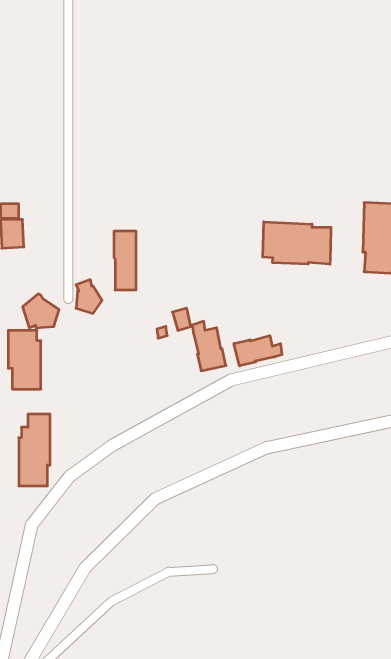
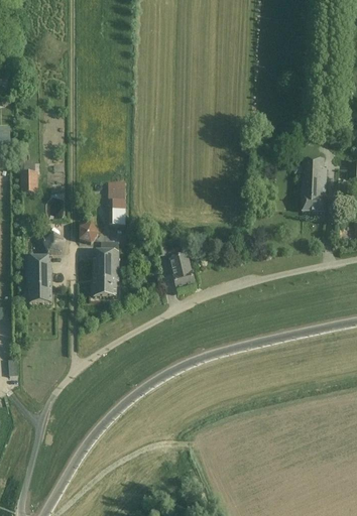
building: [263,222,331,264] -> none
building: [234,336,282,366] -> none
building: [19,414,50,486] -> [94,241,118,296]

